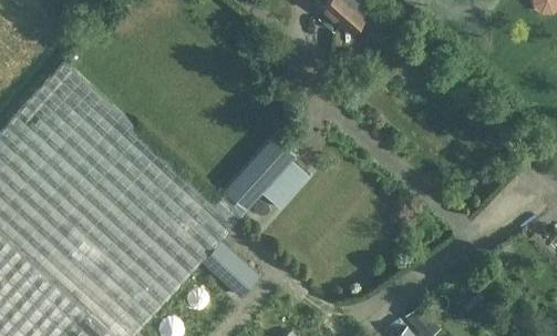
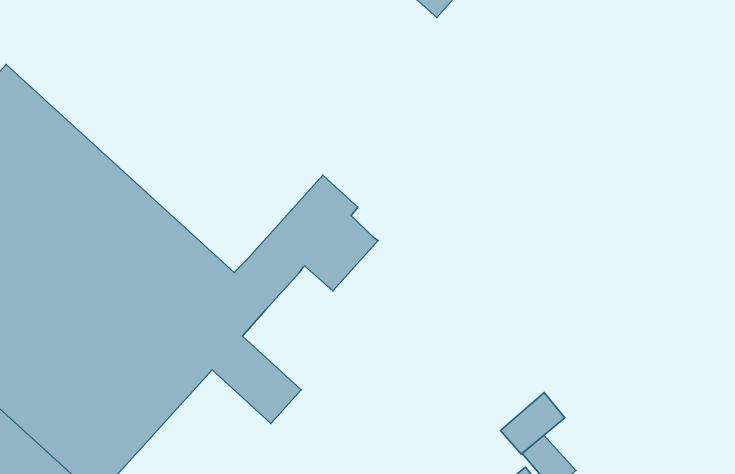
building: none -> [500,392,565,454]

